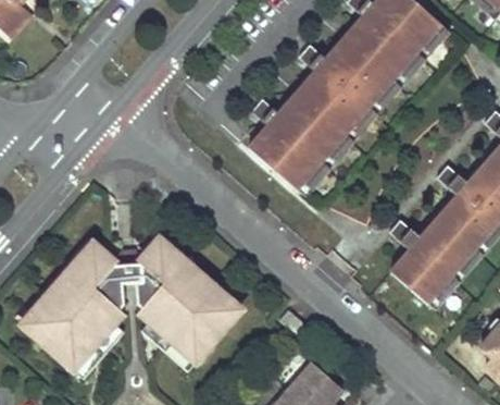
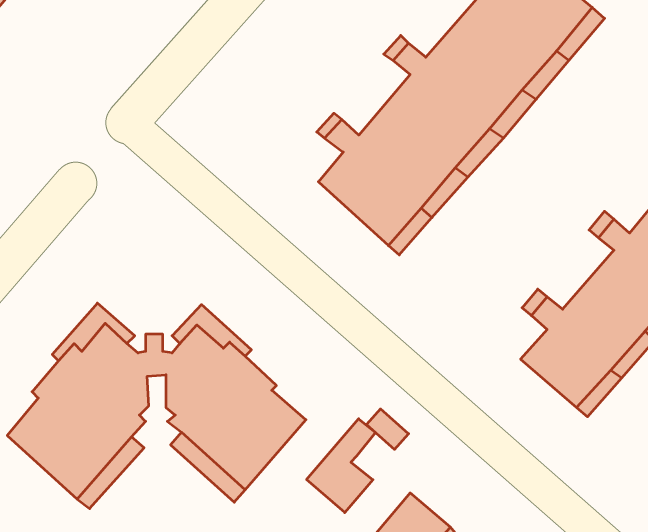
building: none -> [307,419,376,513]

